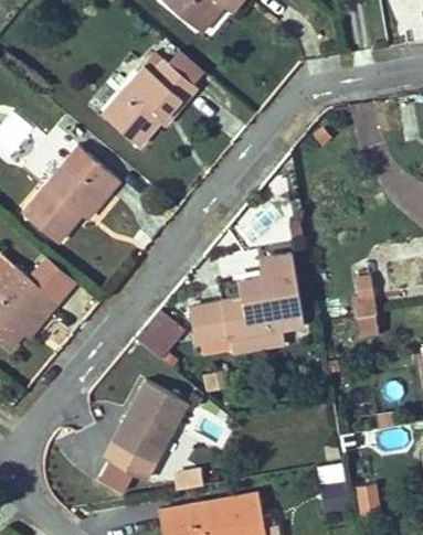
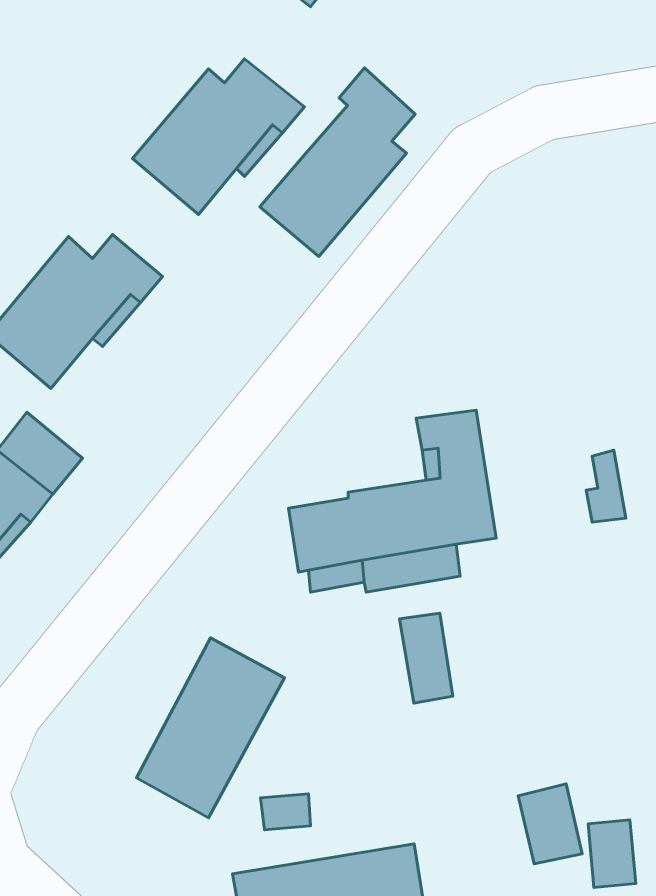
building: none -> [260,68,415,257]
building: [135,310,184,360] -> none
building: none -> [399,613,453,703]

